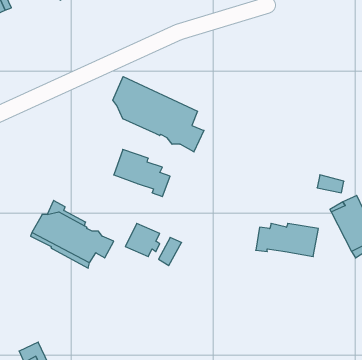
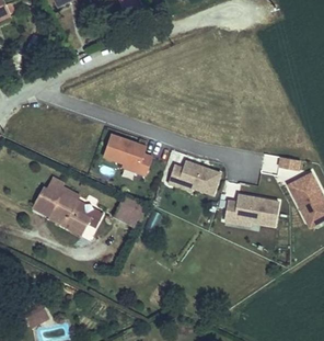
building: [113,77,204,152] -> none
building: none -> [169,164,220,195]

